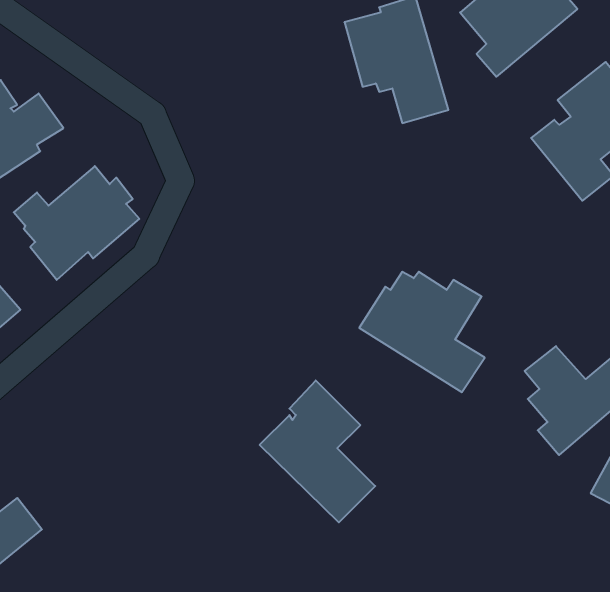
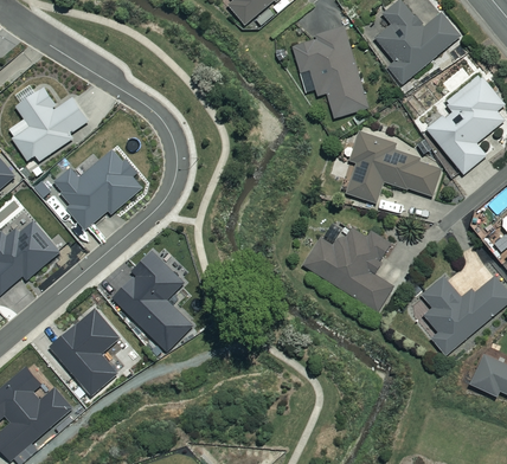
building: none -> [346,131,438,202]
building: [260,380,375,522] -> [111,250,194,352]
building: none -> [50,307,122,395]

